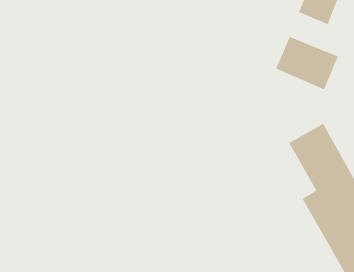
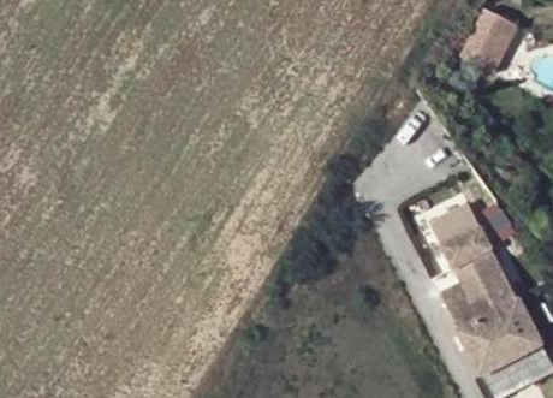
building: [276,36,338,90] -> none

